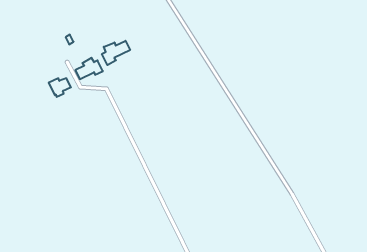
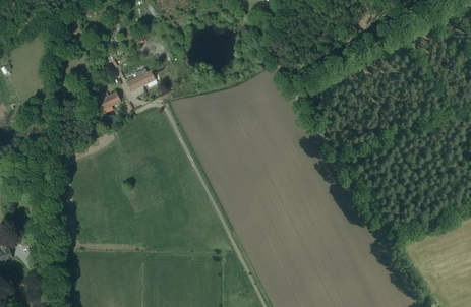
building: [102,41,130,65] -> none

